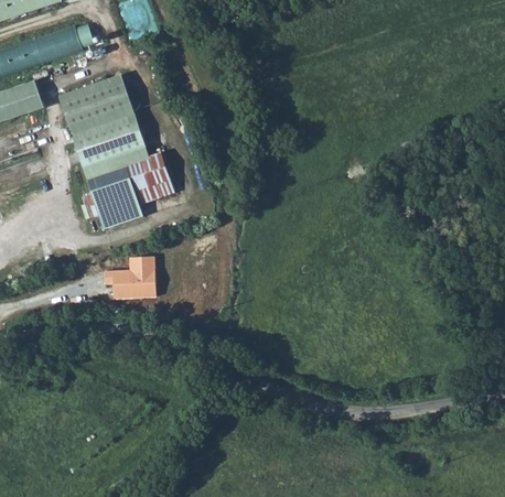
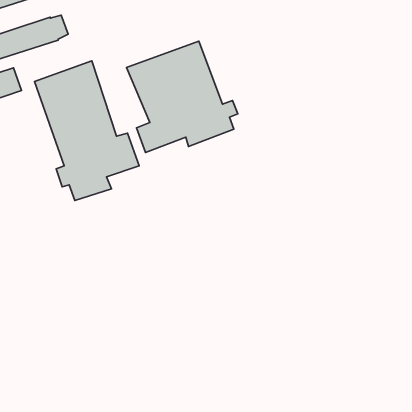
building: none -> [127,41,238,153]
building: [103,255,154,299] -> none

